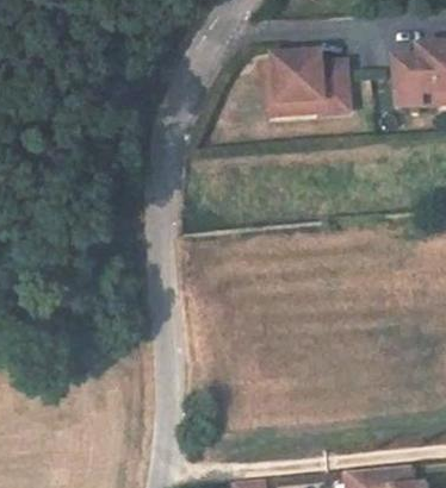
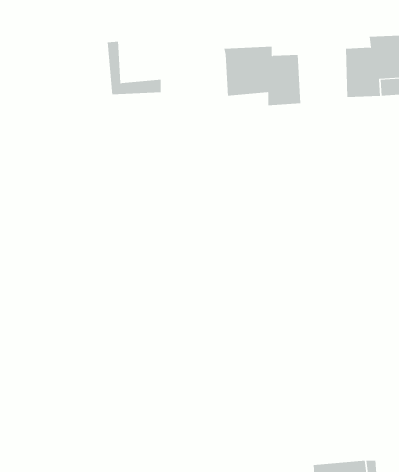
building: [256,61,311,114] -> [107,41,162,95]

